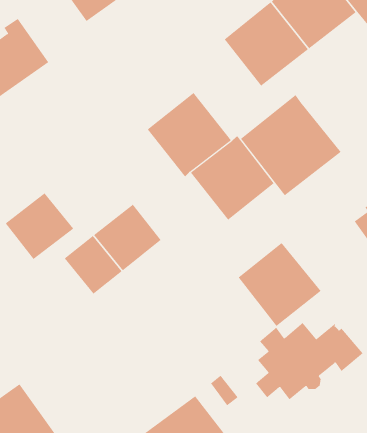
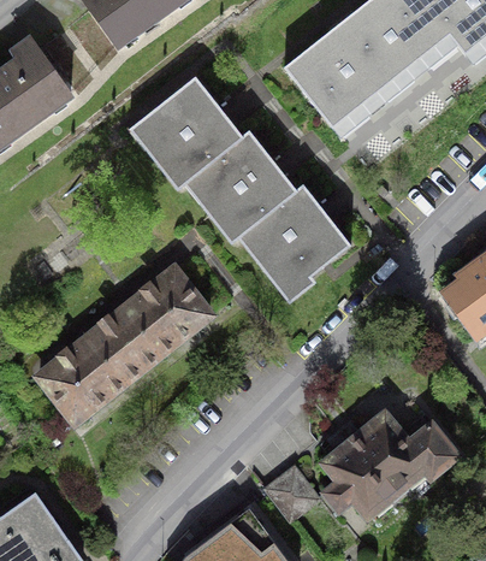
building: none -> [138,81,243,184]
building: [240,94,341,196] -> none
building: [5,192,74,260] -> [40,338,125,421]
building: [238,242,321,327] -> none

